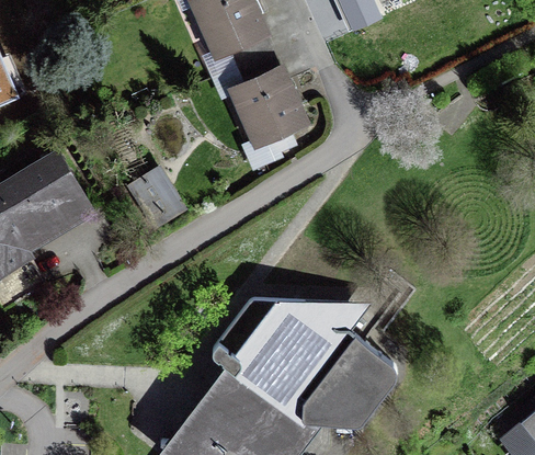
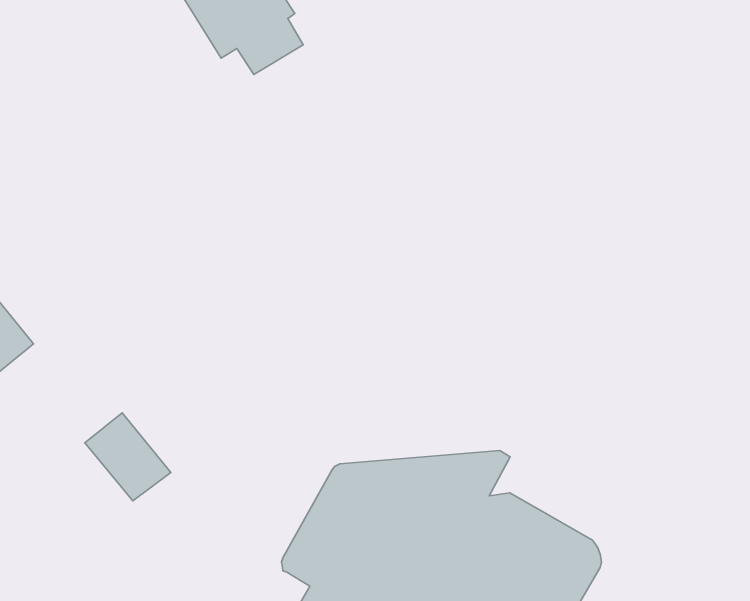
building: [235,54,305,143] -> none
building: [133,172,180,224] -> [85,413,171,501]

